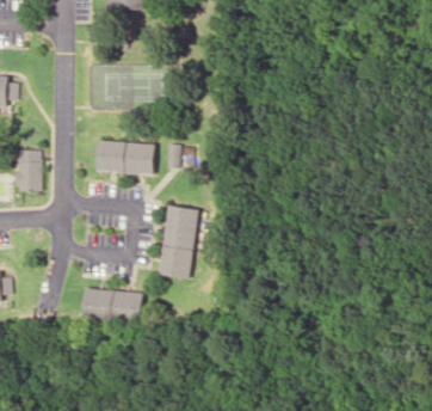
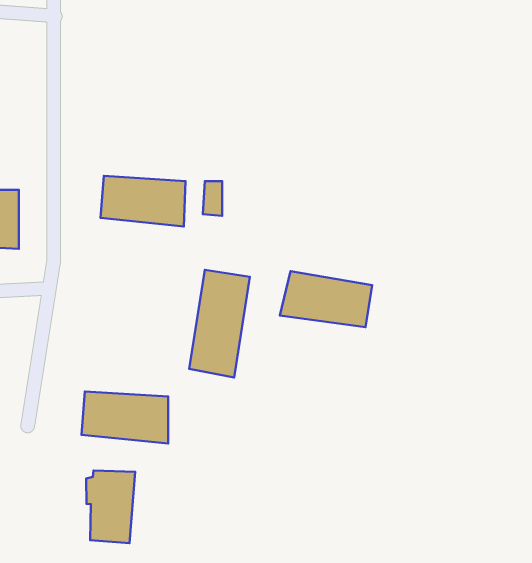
building: none -> [280,271,372,327]
building: none -> [86,470,135,543]

